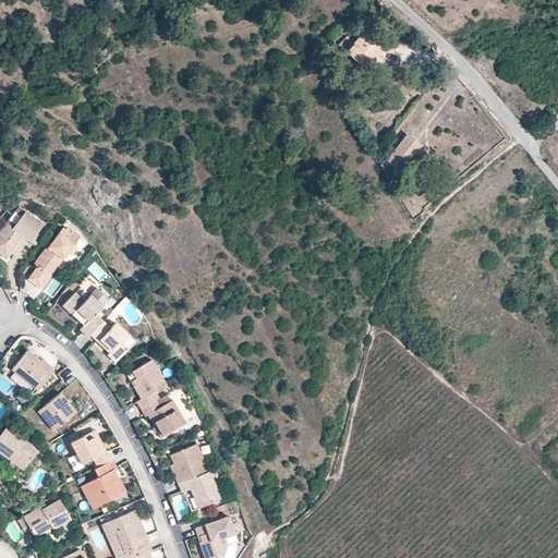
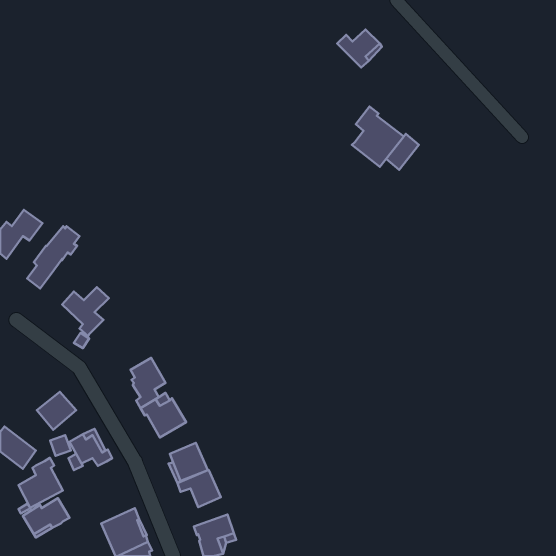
building: none -> [352,107,404,167]
building: [89,320,129,362] -> none
building: [11,350,52,389] -> none
building: [81,459,125,509] -> [18,458,63,508]

